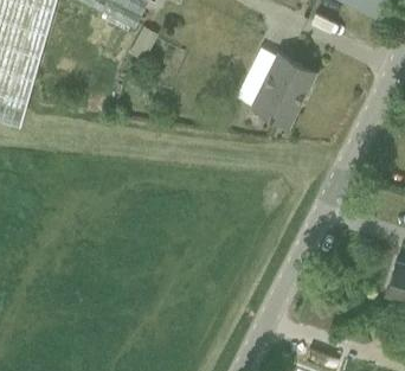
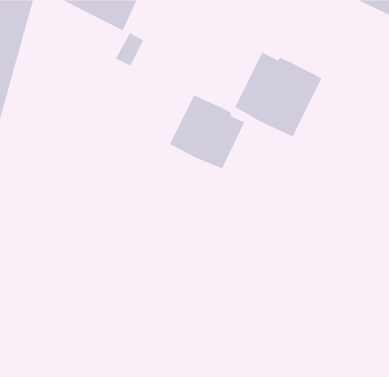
building: none -> [169,94,245,169]

